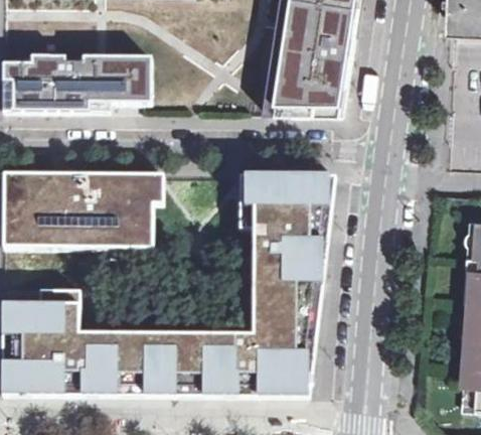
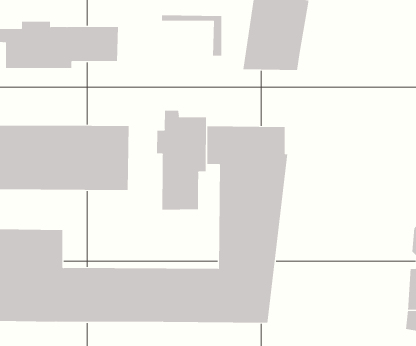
building: [81,54,149,101] -> [161,15,222,56]
building: none -> [157,110,207,210]

